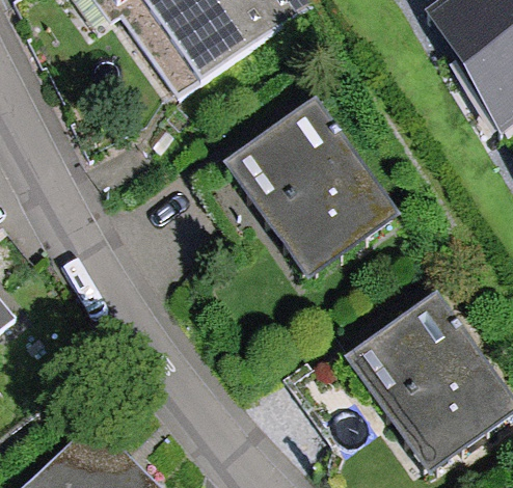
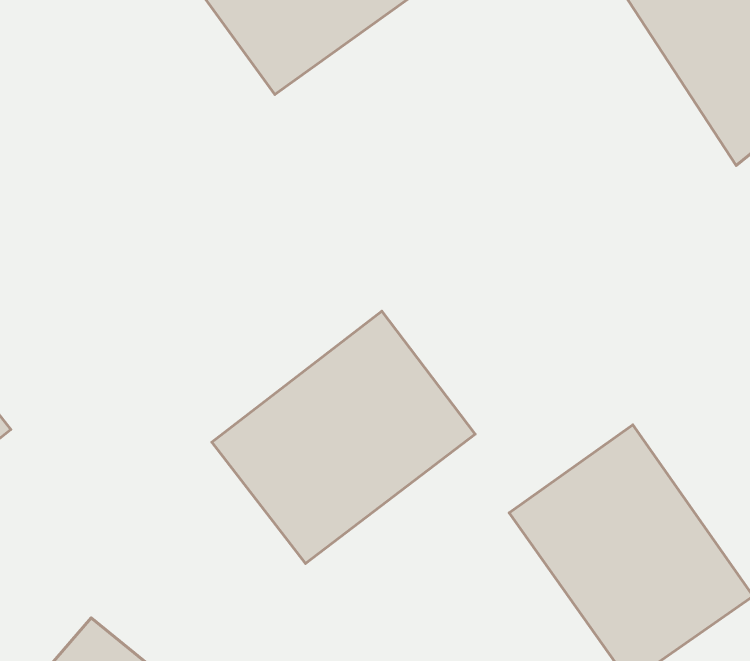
building: [248,83,420,259] -> none
building: none -> [212,311,475,563]

